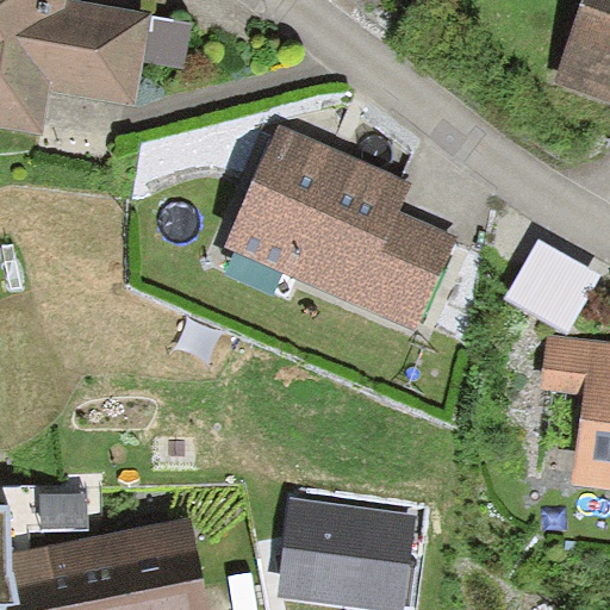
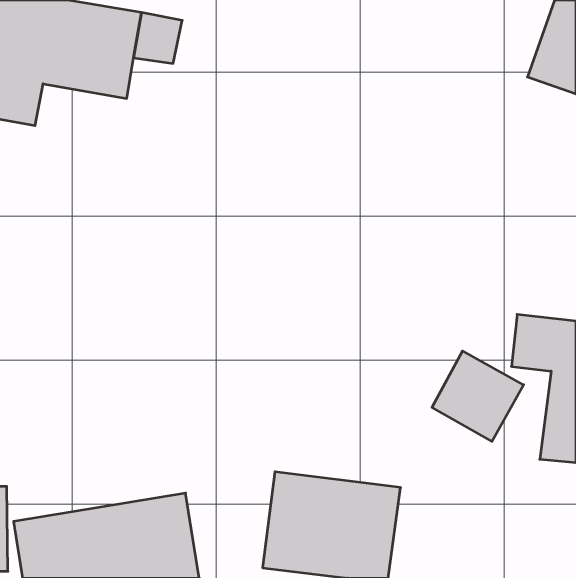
building: [224,120,458,332] -> none
building: [503,238,599,334] -> [432,351,524,441]

